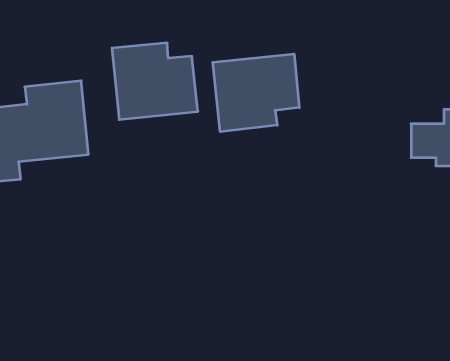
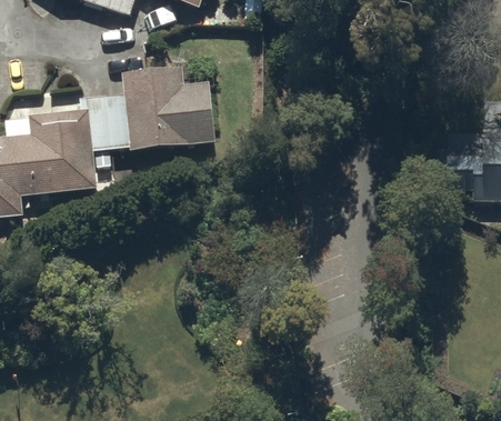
building: [213,54,299,132] -> none

